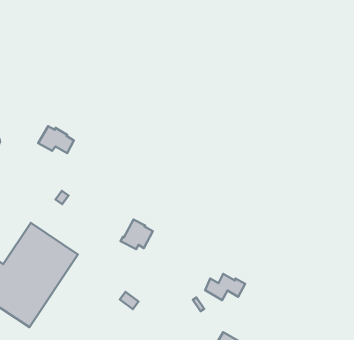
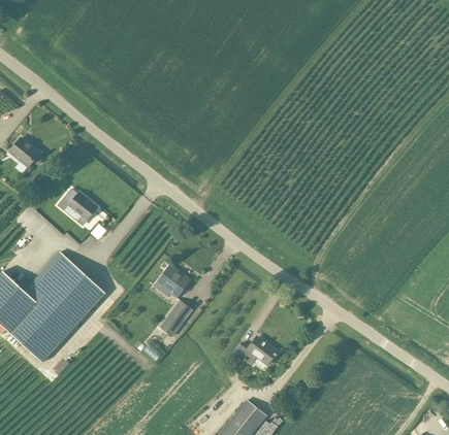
building: [38,126,74,153] -> [59,189,97,221]
building: none -> [160,299,194,336]

